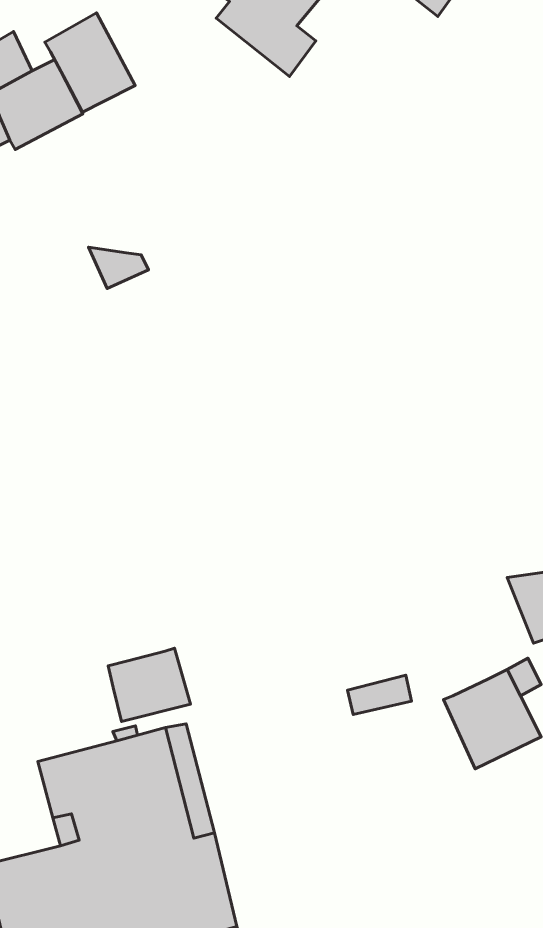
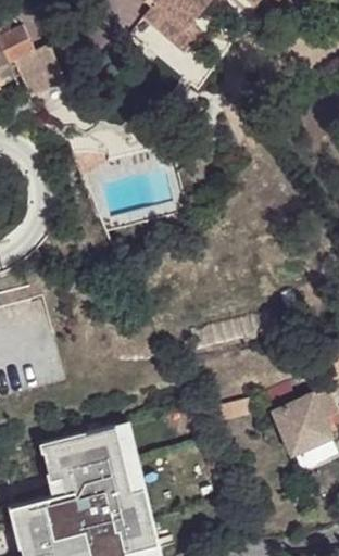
building: [45,13,135,112] -> none
building: [108,648,190,722] -> none

